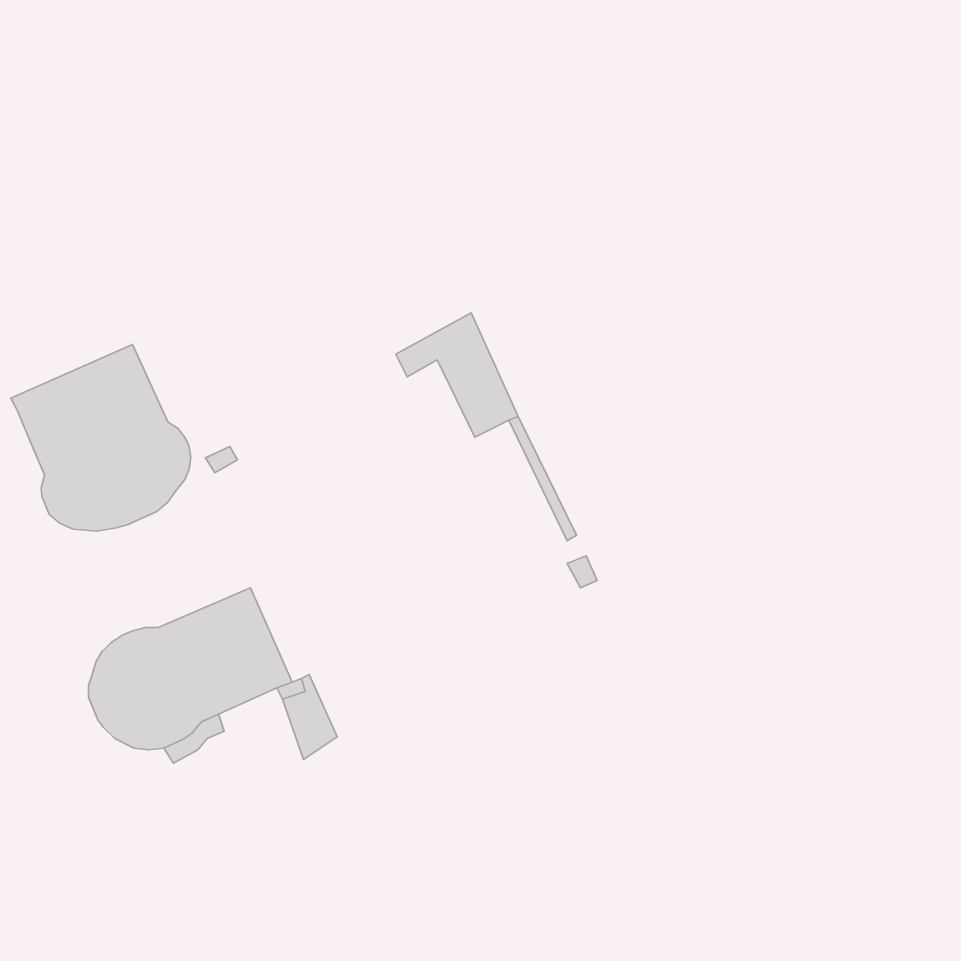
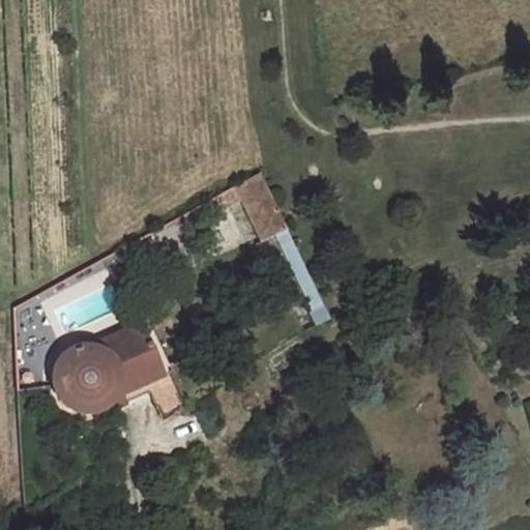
building: [11,345,191,531] -> none

